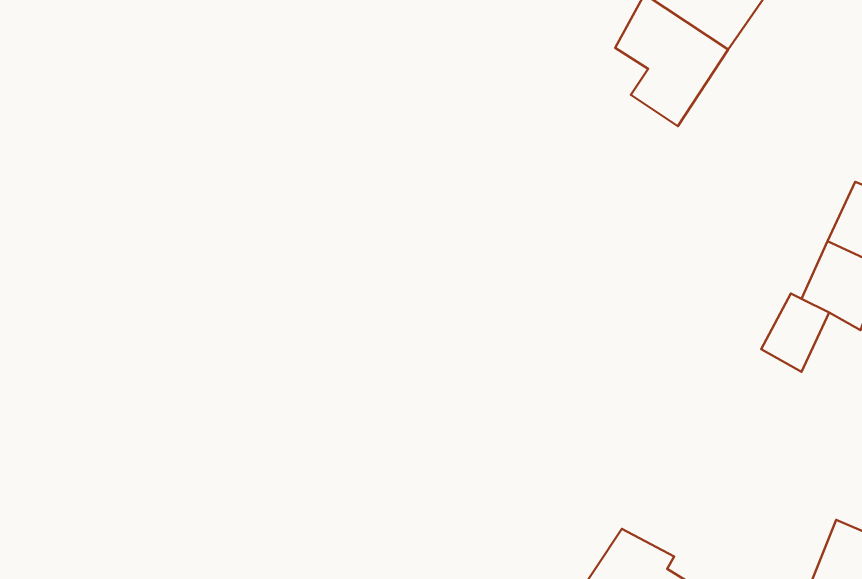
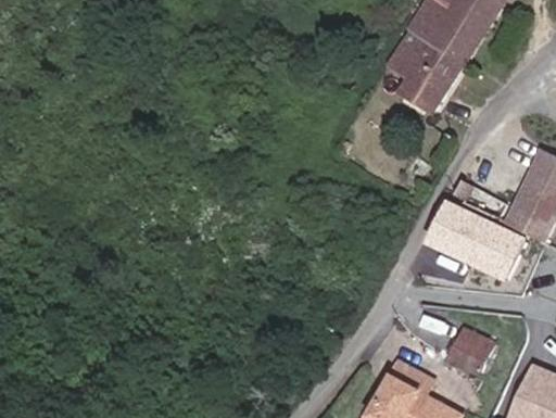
building: none -> [437,199,501,254]
building: none -> [446,327,492,373]

